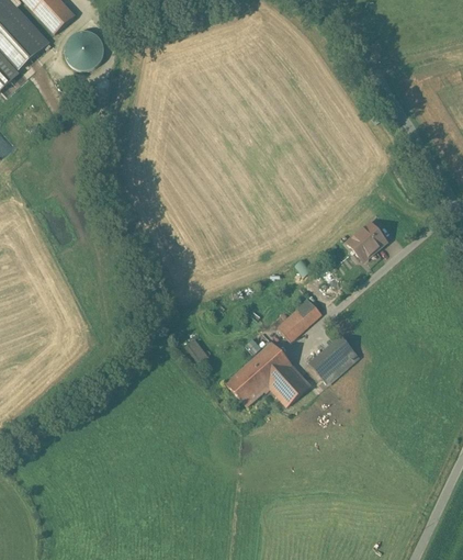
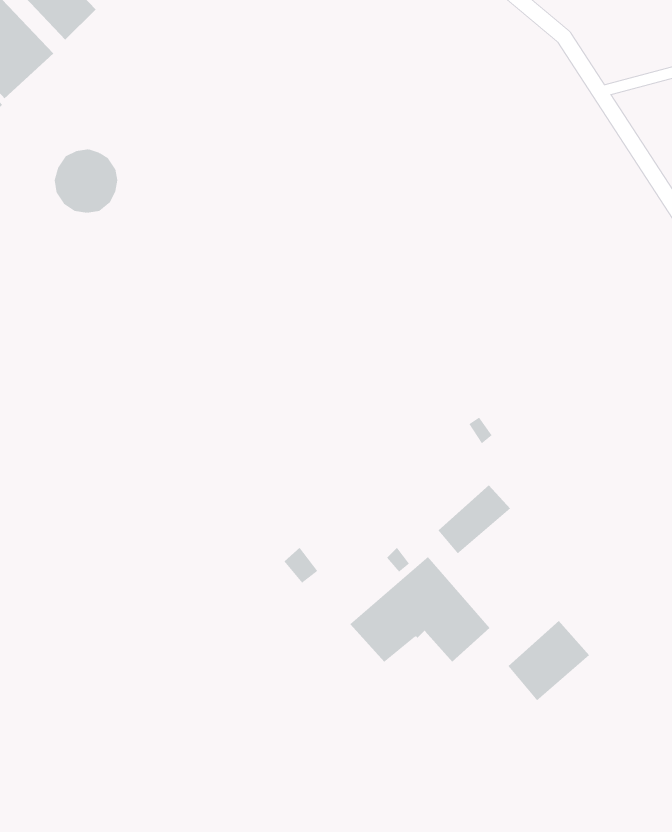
building: [65,30,103,68] -> [54,149,118,213]
building: [347,222,385,260] -> none
building: [309,335,359,383] -> [507,620,590,701]

